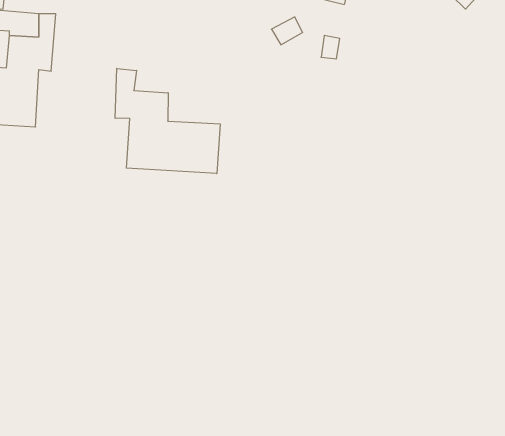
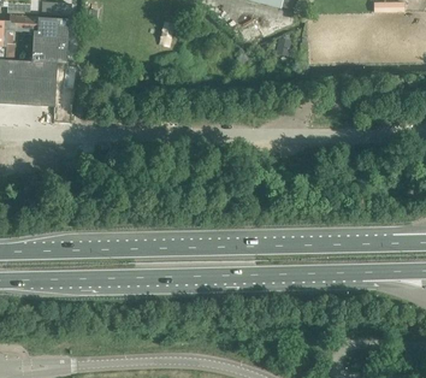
building: [115,68,220,174] -> none

